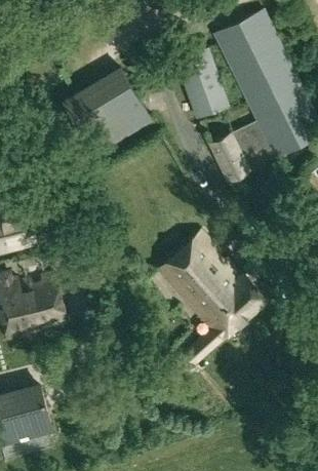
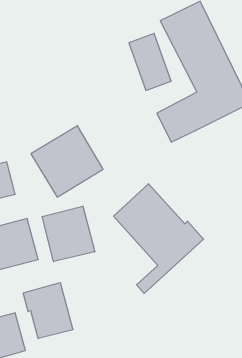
building: [63,69,150,155] -> [31,126,103,197]
building: none -> [42,206,95,262]
building: none -> [23,283,73,339]

